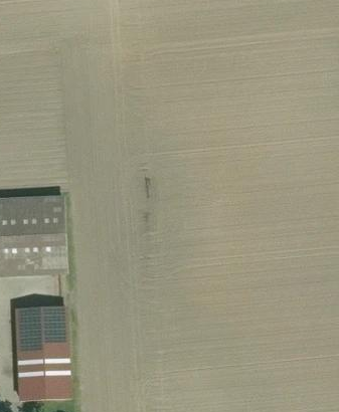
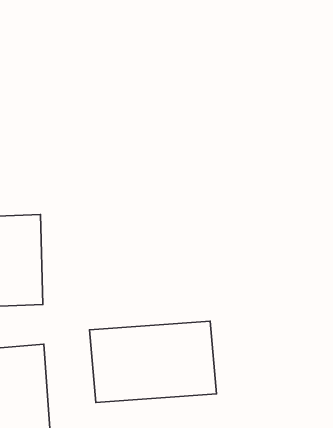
building: none -> [89,321,217,403]

